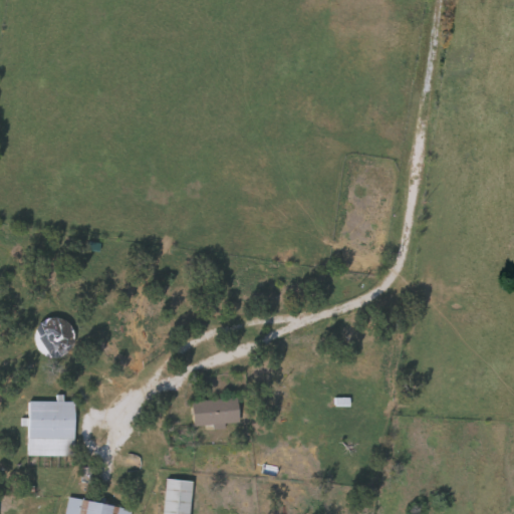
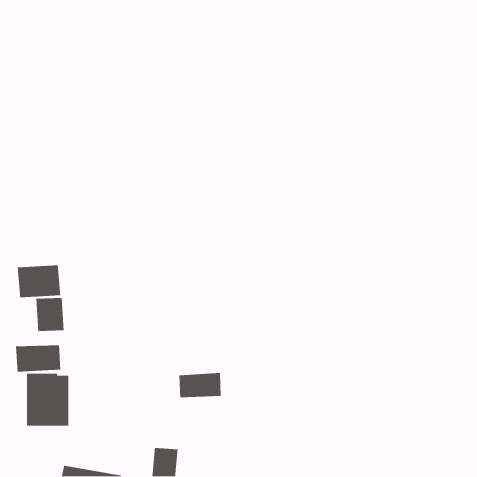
building: none -> [17,264,61,298]
building: none -> [15,344,61,373]

